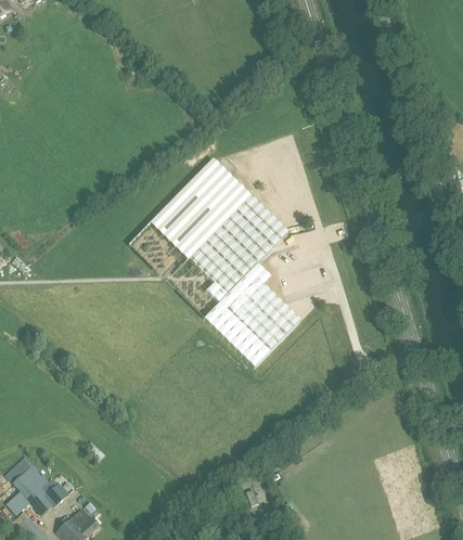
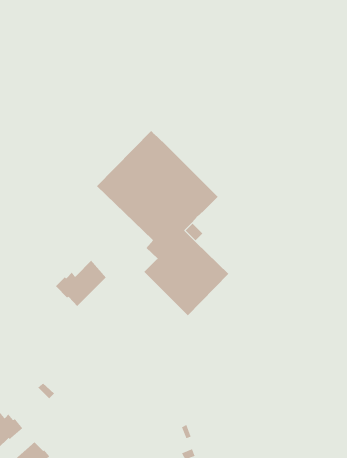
building: none -> [55,260,107,307]

